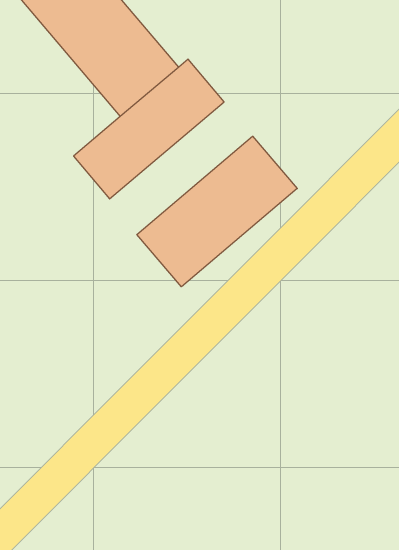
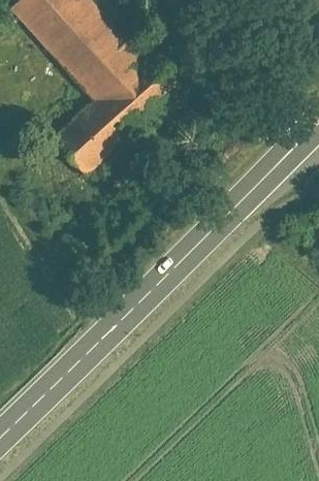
building: [137,136,297,287] -> none

